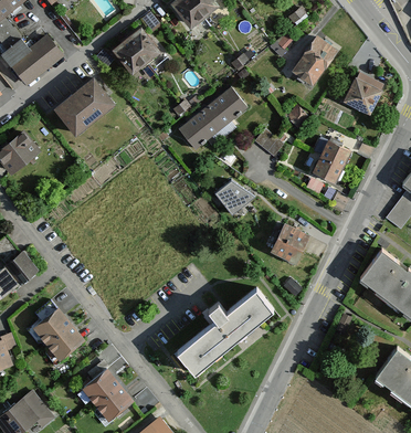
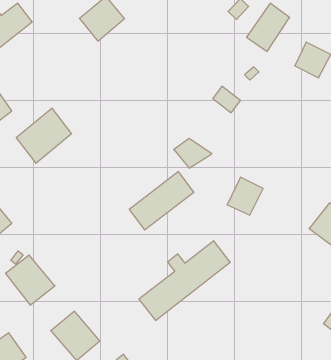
building: [54,77,114,137] -> [16,108,72,163]
building: [179,87,249,150] -> [129,172,194,230]
building: [314,140,349,181] -> none

